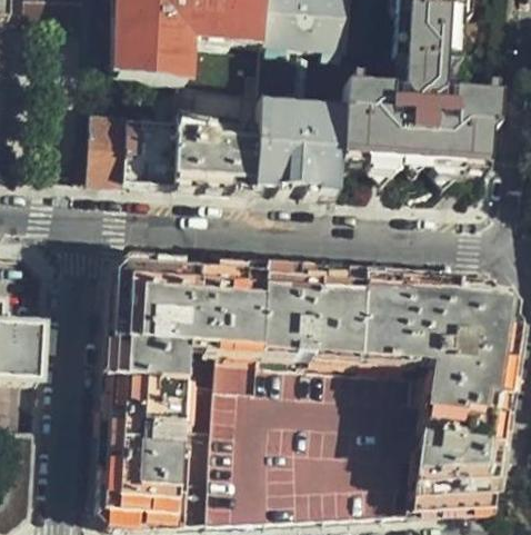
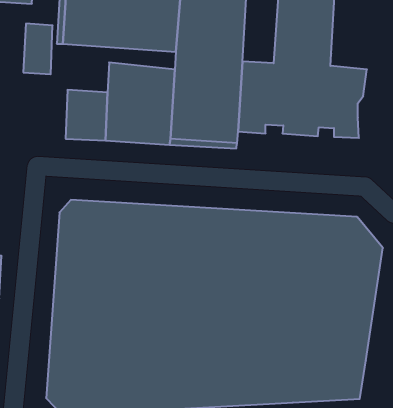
building: [86,117,122,180] -> [23,24,53,74]

